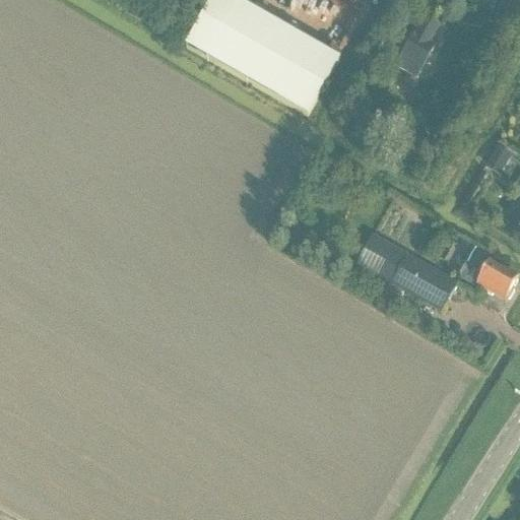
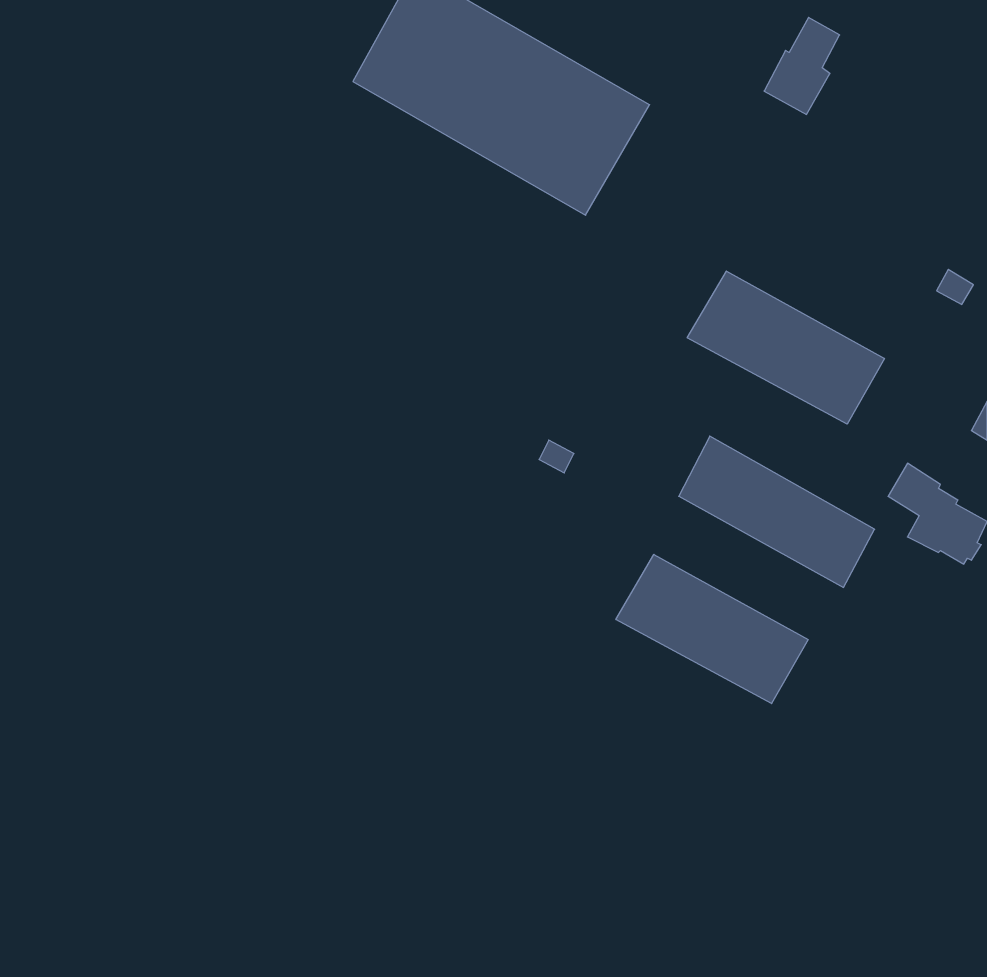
building: none -> [687,271,884,424]
building: none -> [616,554,808,704]

